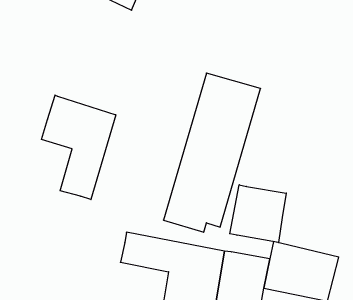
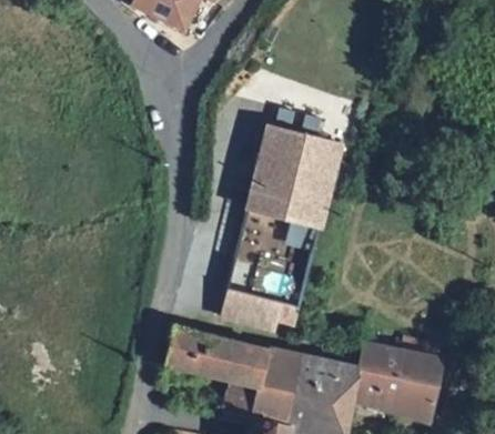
building: [42,95,116,200] -> none
building: [230,185,286,243] -> none

